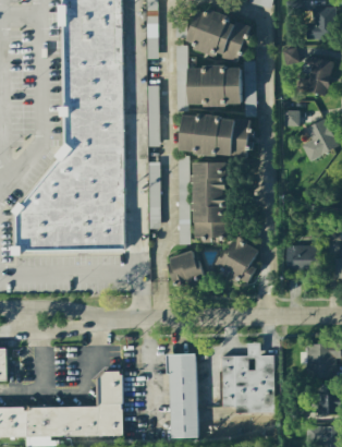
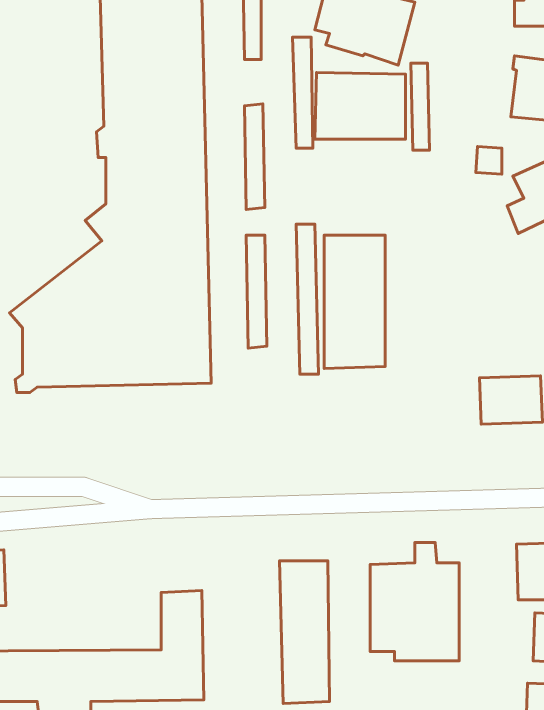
building: [180,114,253,158] -> none
building: [216,235,259,285] -> none
building: [167,251,204,288] -> none

